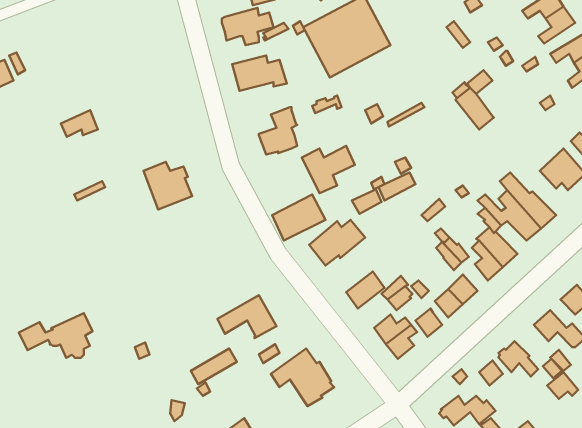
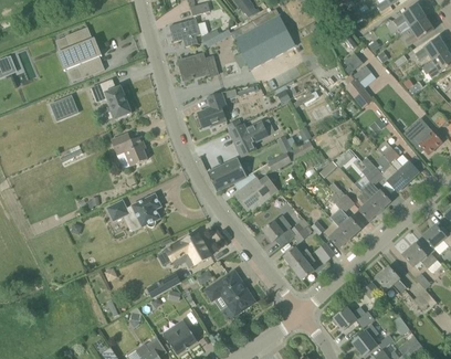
building: none -> [60,28,103,77]
building: none -> [90,78,130,118]
building: [19,313,93,358] -> [106,193,161,226]

